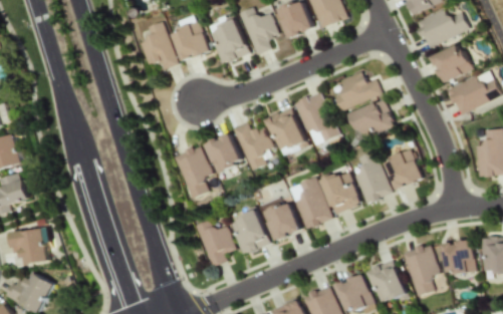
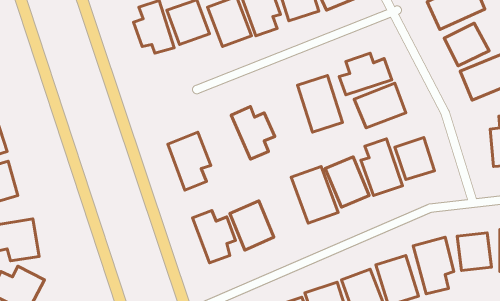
building: [263,106,305,155] -> none
building: [202,132,242,174] -> none
building: [261,201,300,241] -> none

